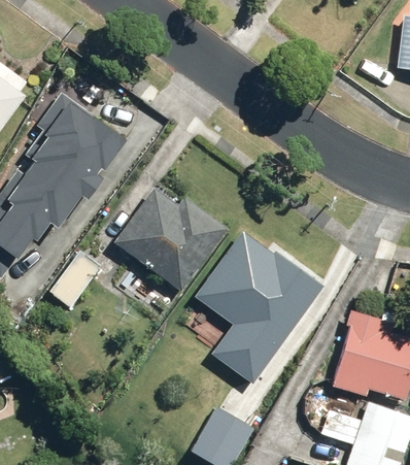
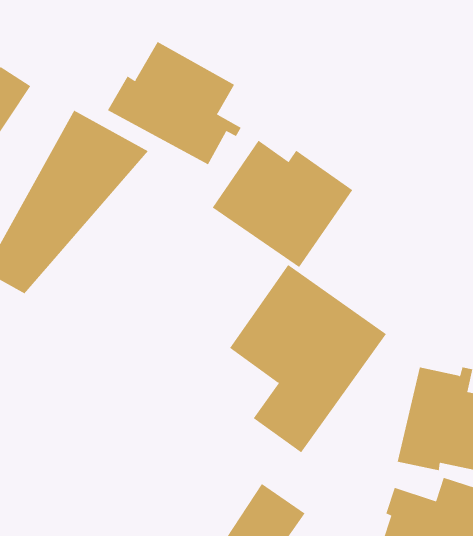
building: none -> [107,41,241,165]
building: [112,187,229,292] -> [212,140,353,268]
building: [49,248,103,308] -> none

